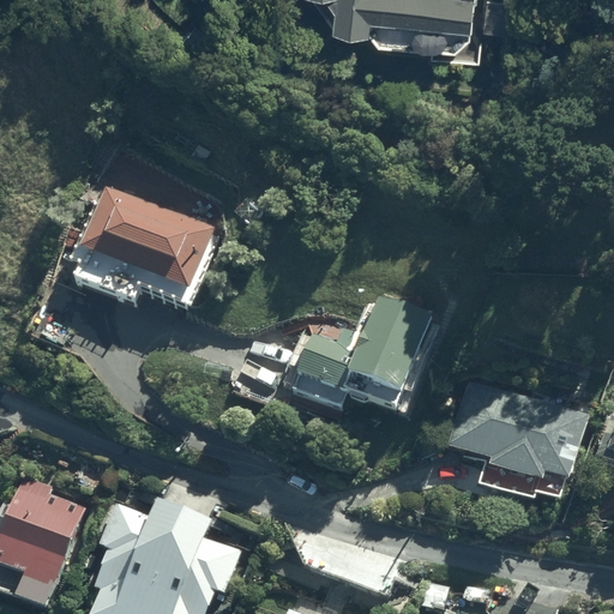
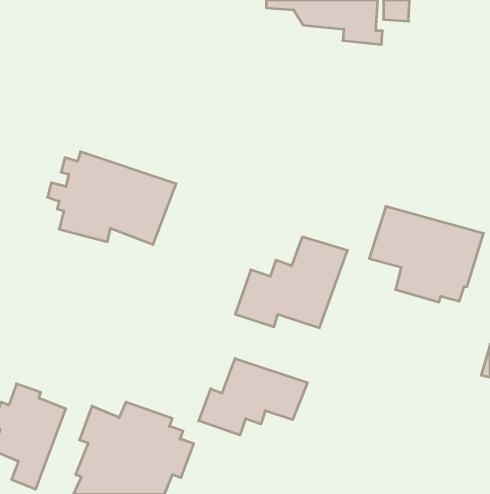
building: [446,380,588,499] -> [369,206,484,302]
building: none -> [199,358,307,435]

